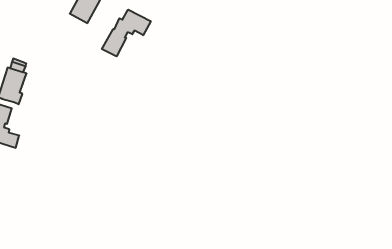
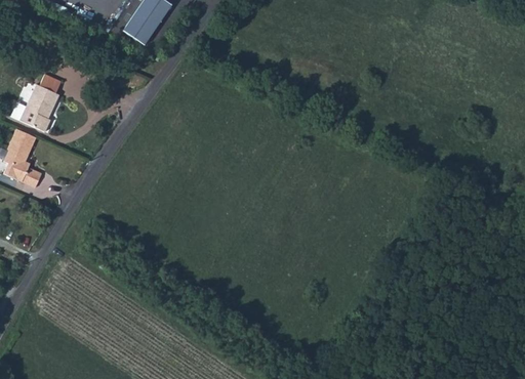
building: [102,10,151,56] -> none

